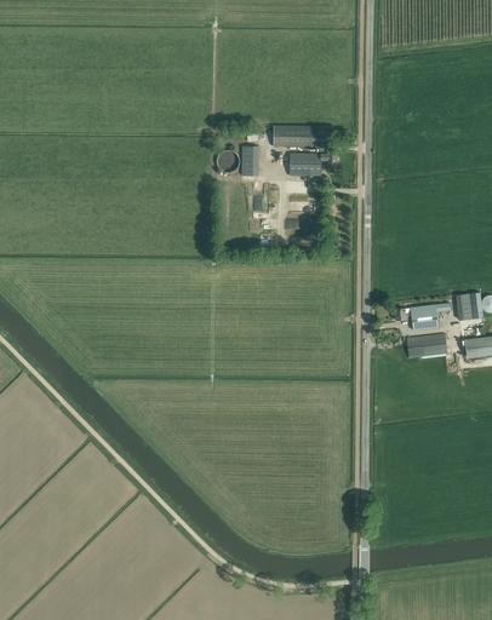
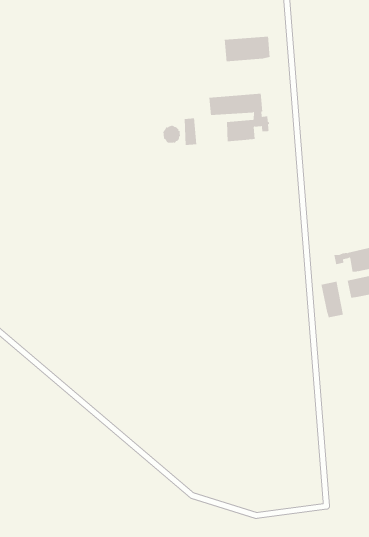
building: none -> [224,36,270,62]
building: none -> [321,281,343,318]

